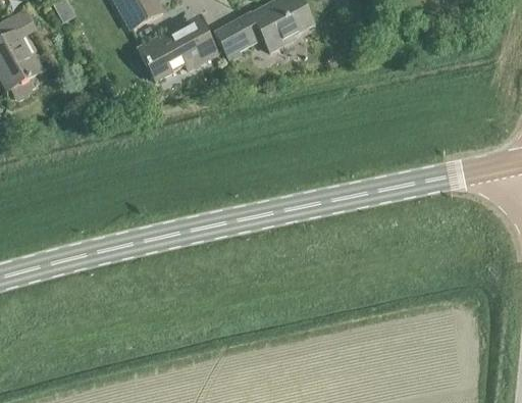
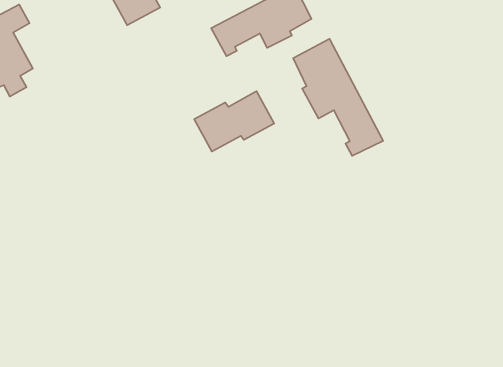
building: [138,21,216,81] -> [194,91,274,151]
building: none -> [293,39,383,156]

